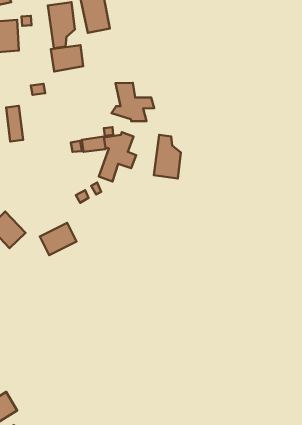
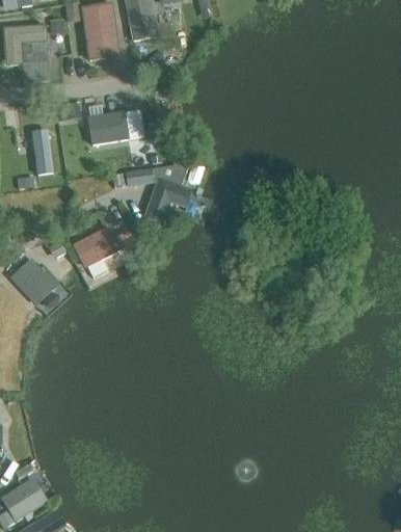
building: [51,45,83,71] -> [88,112,128,144]
building: [112,83,154,121] -> none
building: [154,135,181,178] -> none
building: [40,223,76,255] -> [75,227,119,266]

